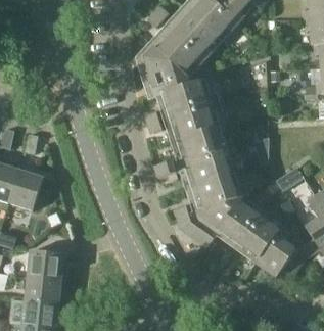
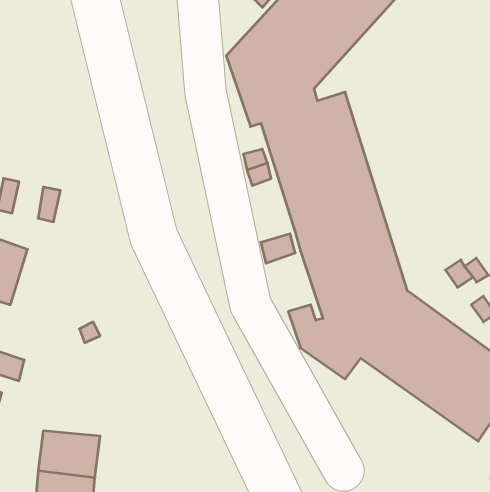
building: [8,171,43,210] -> none
building: [28,252,68,282] -> none

